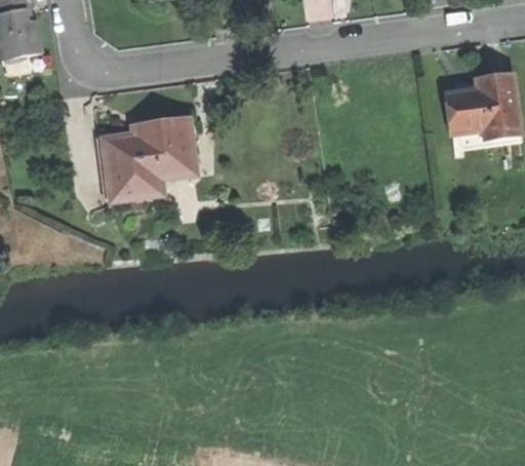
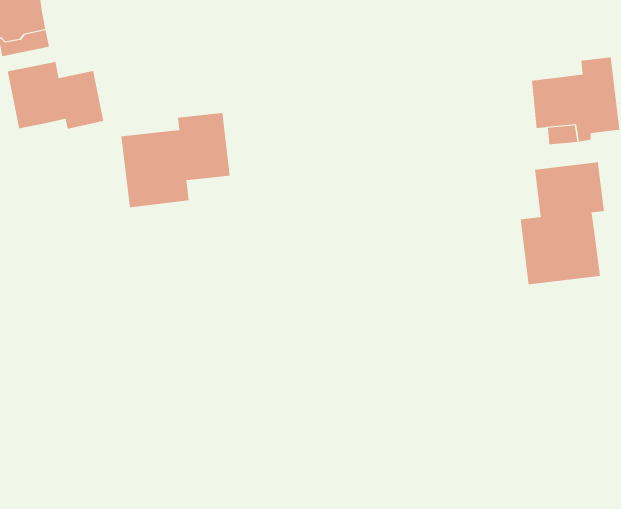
building: none -> [7,61,104,129]
building: none -> [520,162,605,285]

